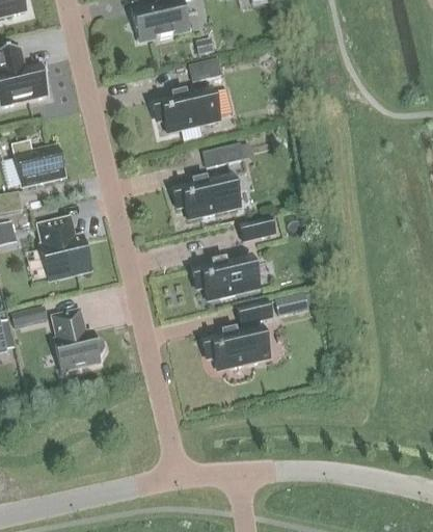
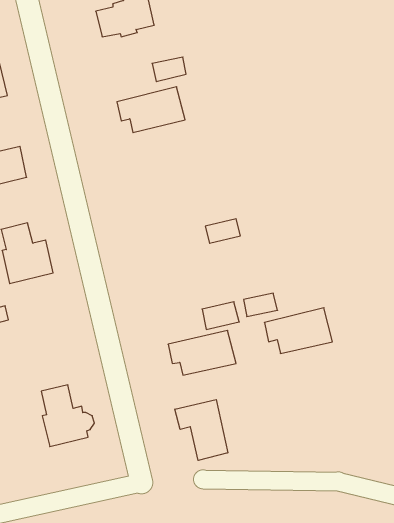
building: [202,142,244,168] -> none
building: [174,175,240,218] -> none
building: [193,255,260,299] -> [264,308,332,353]
building: [54,311,106,371] -> [41,385,94,447]
building: none -> [175,400,228,460]

